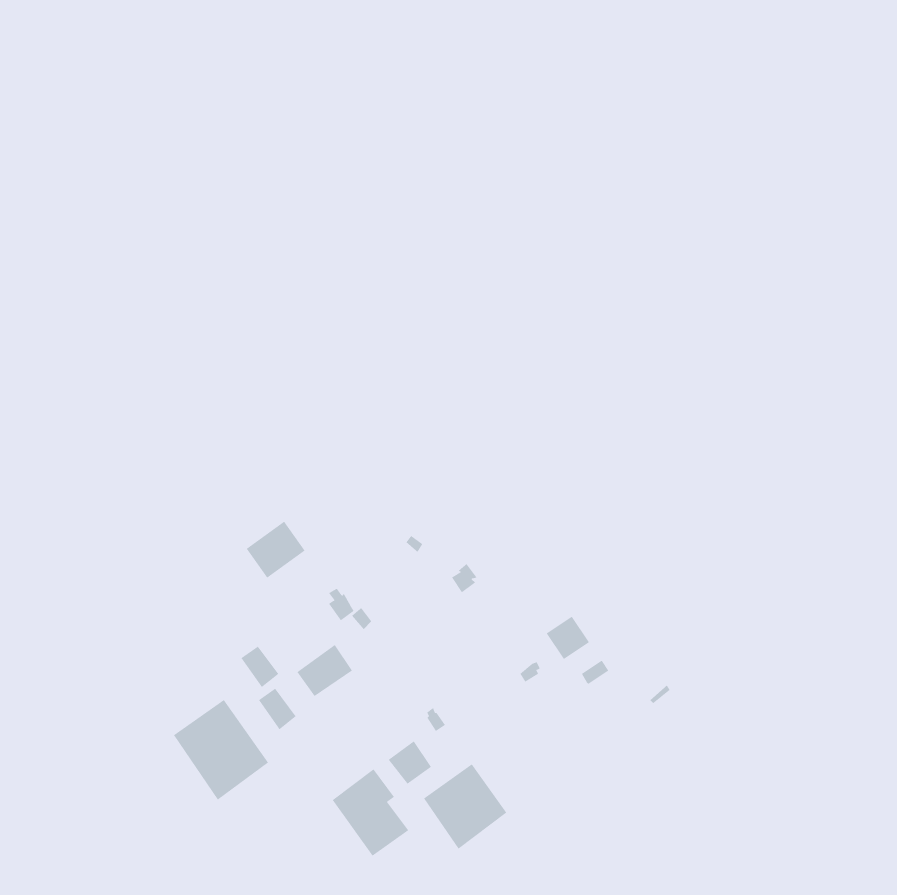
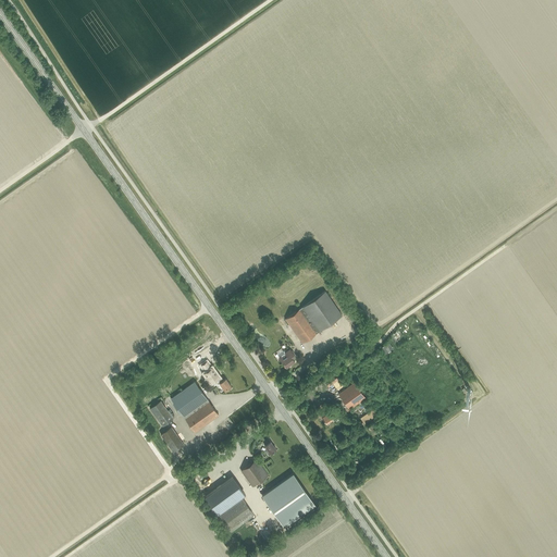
building: none -> [285,292,342,344]
building: [246,521,305,579] -> [171,382,208,418]
building: [173,699,269,801] -> none

